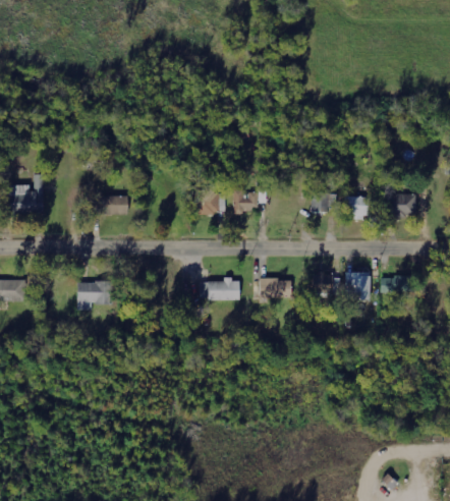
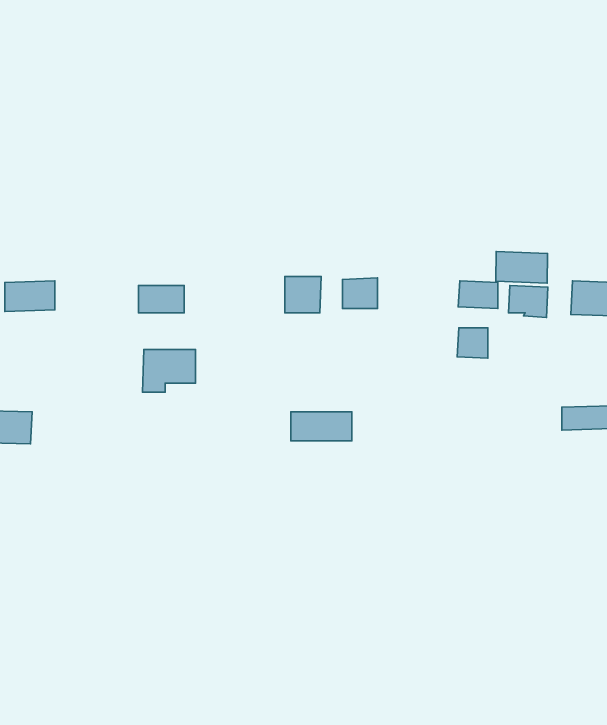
building: none -> [496,252,547,283]
building: [345,272,371,299] -> none
building: [312,273,332,293] -> [457,328,488,358]
building: [259,279,291,297] -> none
building: [76,281,112,310] -> [142,350,196,392]

